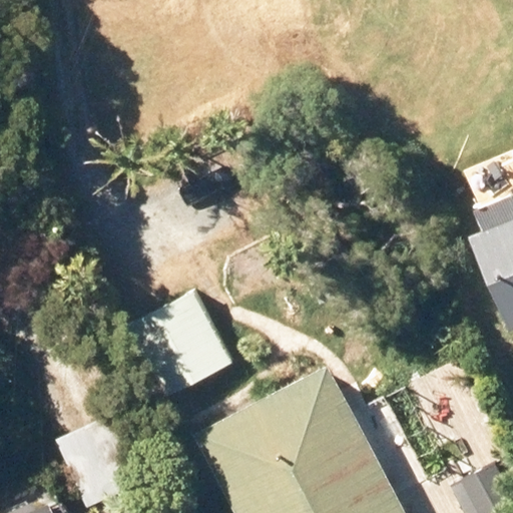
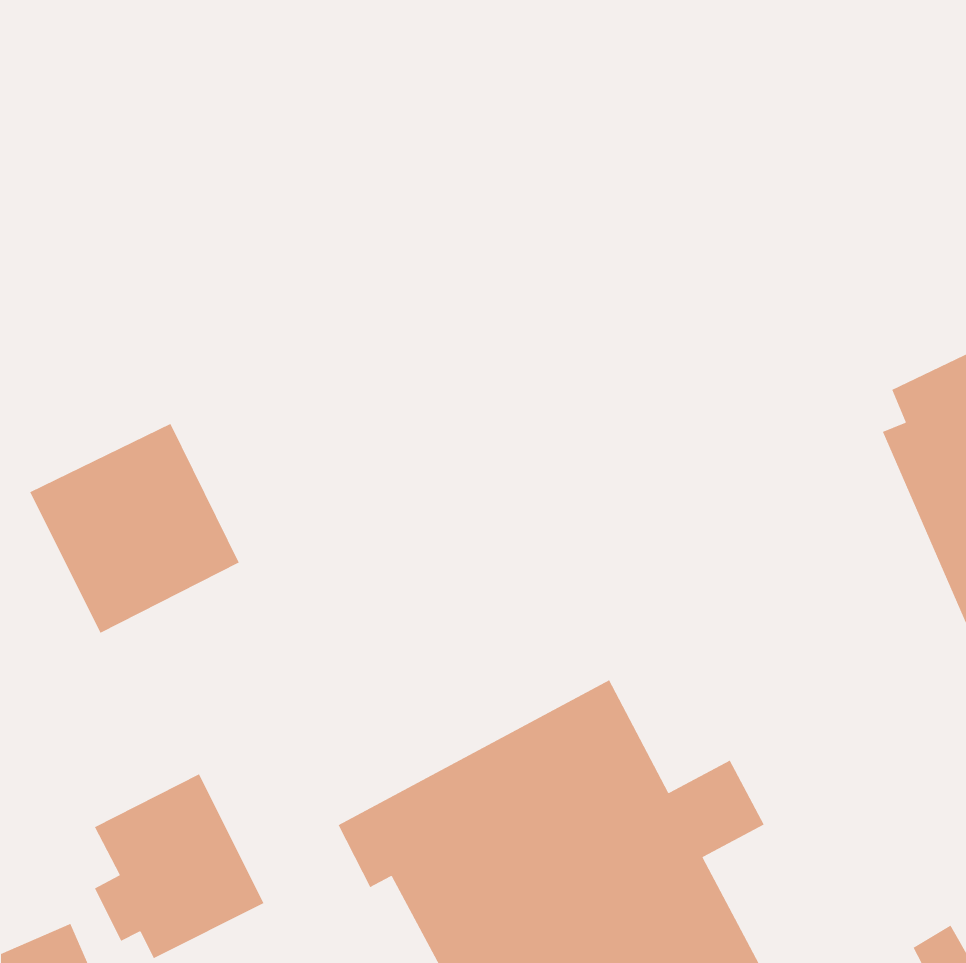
building: [121,293,231,403] -> [29,423,240,634]

